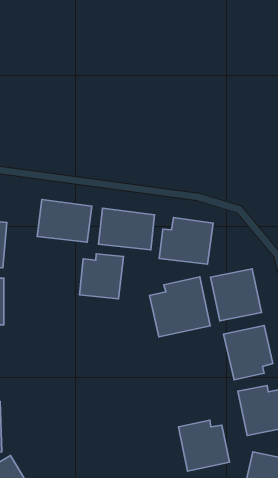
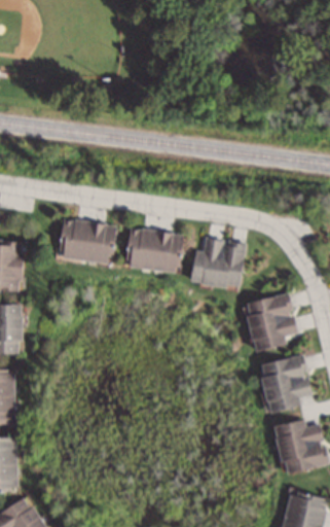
building: [80,254,123,299] -> none
building: [150,277,210,337] -> none
building: [179,420,229,471] -> none

